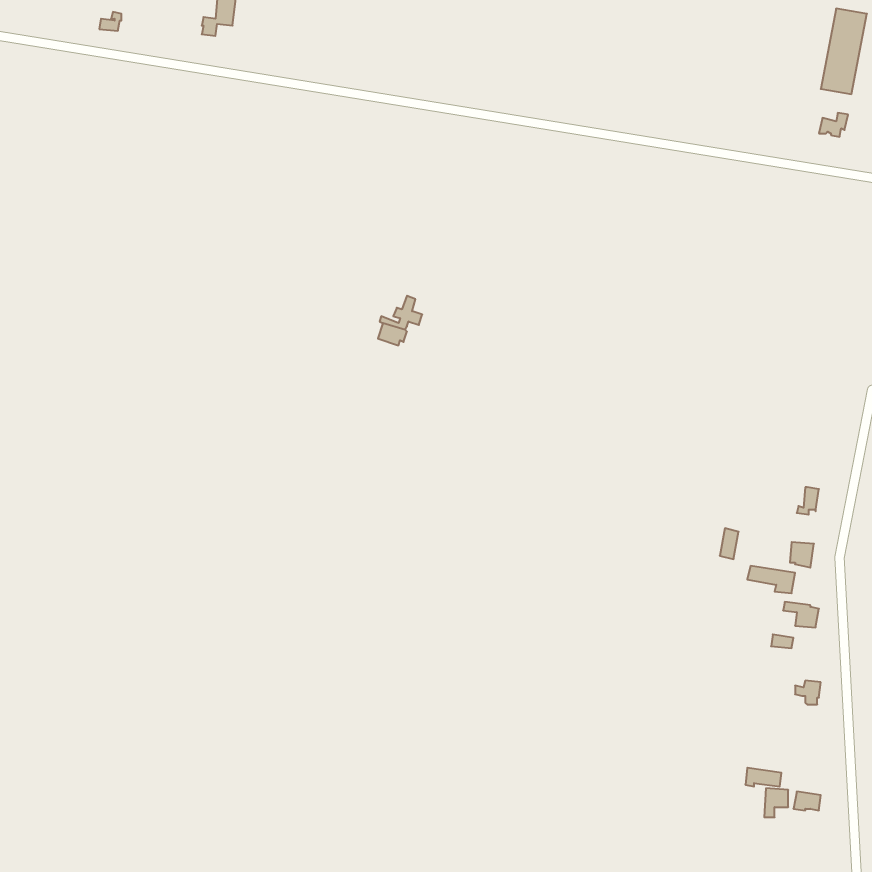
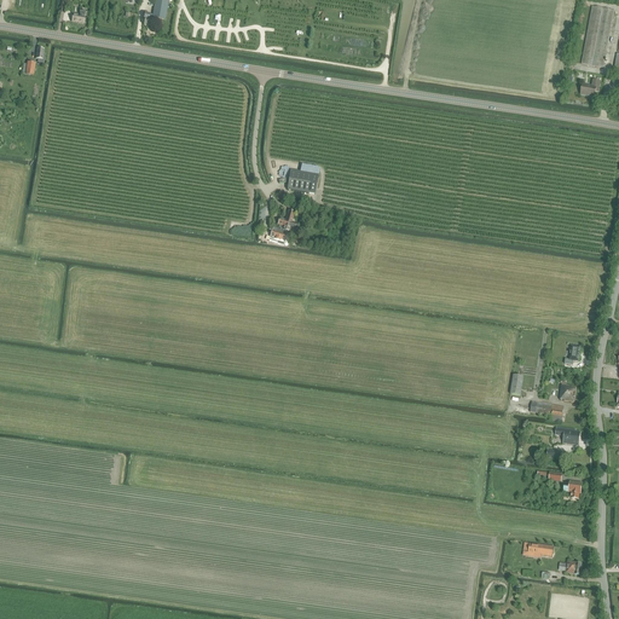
building: none -> [287,170,318,193]

